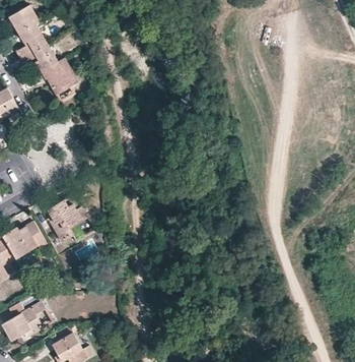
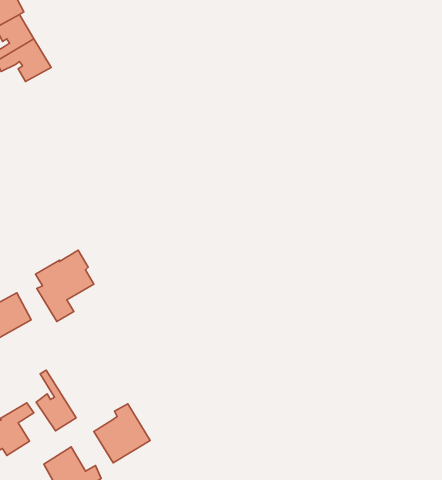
building: [40,57,77,94] -> none
building: none -> [36,370,76,431]
building: none -> [94,404,150,463]

